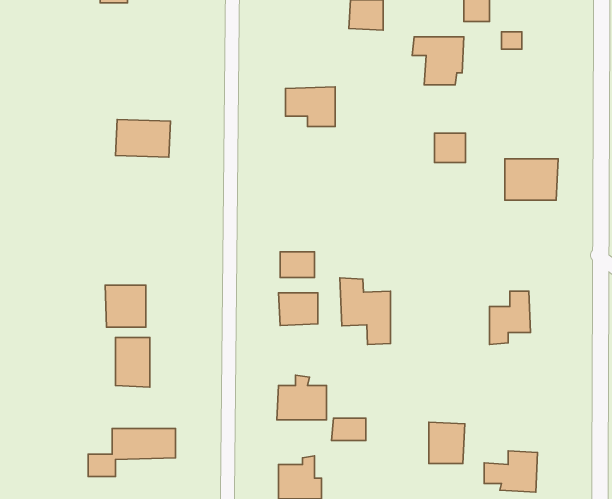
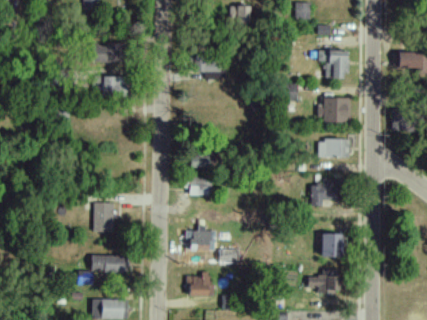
building: [412,37,464,85] -> [319,51,349,79]
building: none -> [93,45,119,63]
building: none -> [319,140,351,158]
building: [340,278,391,345] -> none
building: [105,285,146,327] -> none
building: [429,422,465,463] -> [322,234,343,258]

